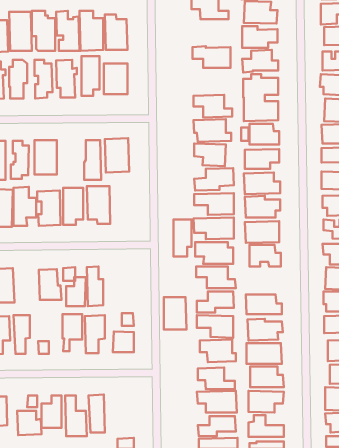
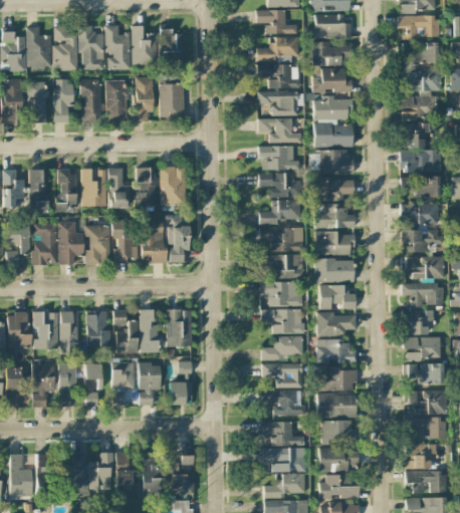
building: none -> [257,36,299,61]
building: none -> [257,90,298,115]
building: none -> [107,167,133,206]
building: [174,220,192,257] -> [169,220,189,261]
building: none -> [60,310,78,354]
building: none -> [317,313,356,335]
building: [164,297,186,330] -> [167,309,192,345]
building: none -> [85,363,102,388]
building: none -> [171,455,194,494]

